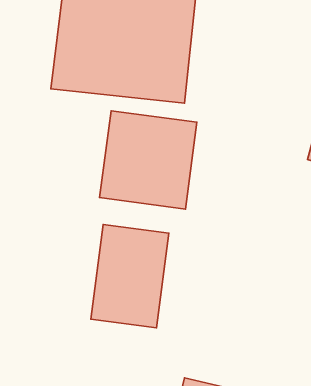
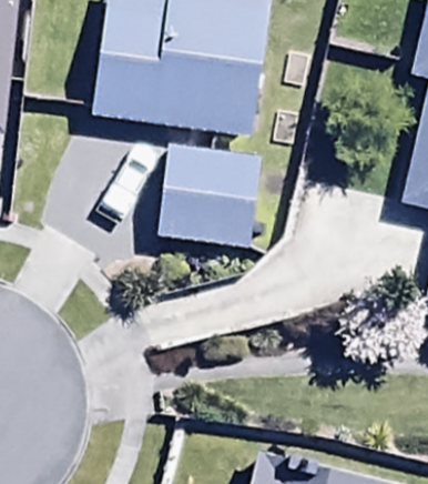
building: [91,224,169,328] -> none

